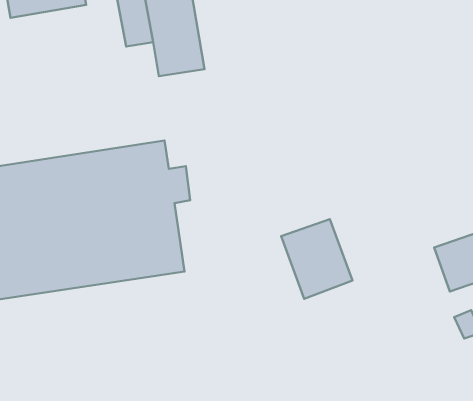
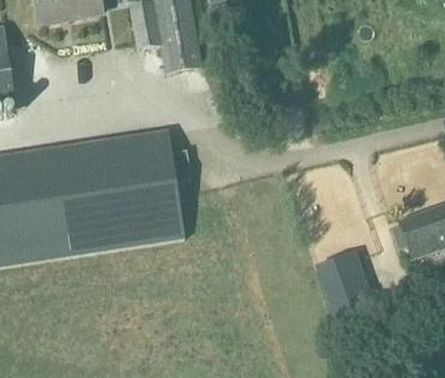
building: [281,219,353,299] -> [315,250,375,318]

